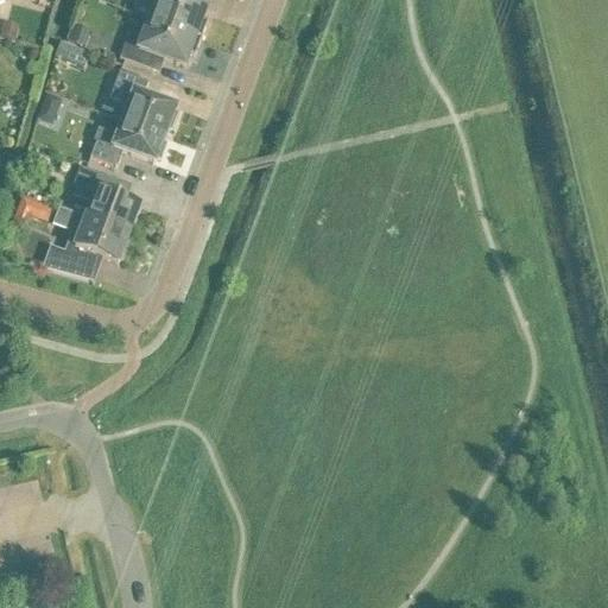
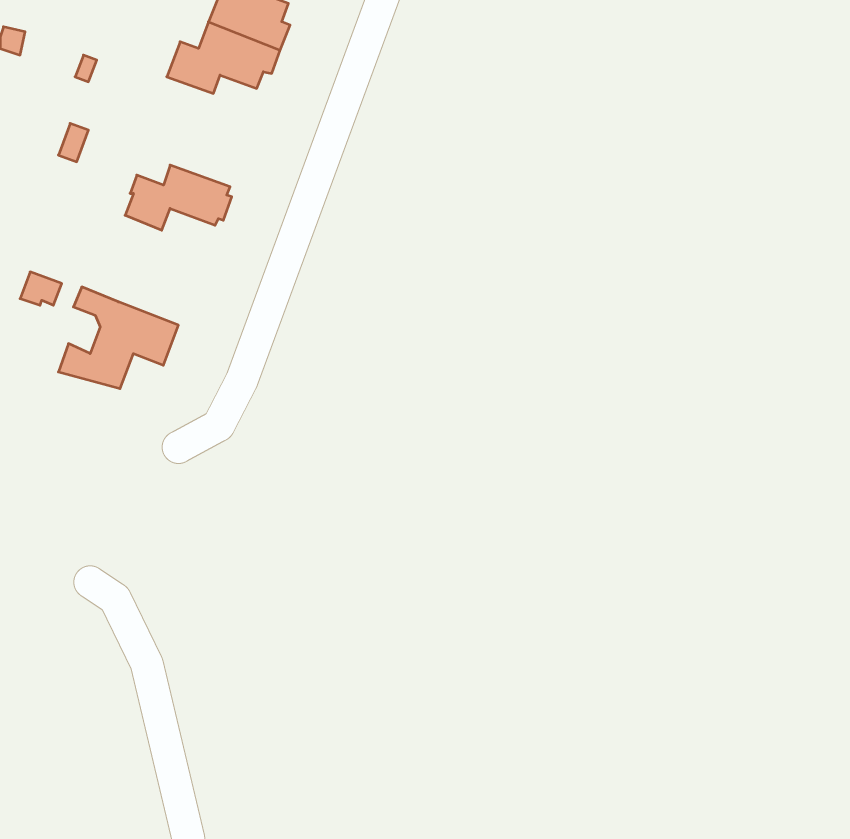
building: [109,69,178,133] -> none
building: [75,163,139,232] -> none

